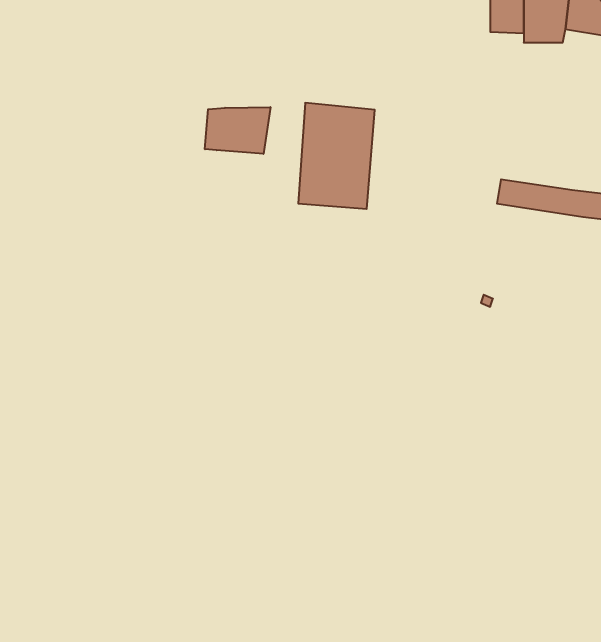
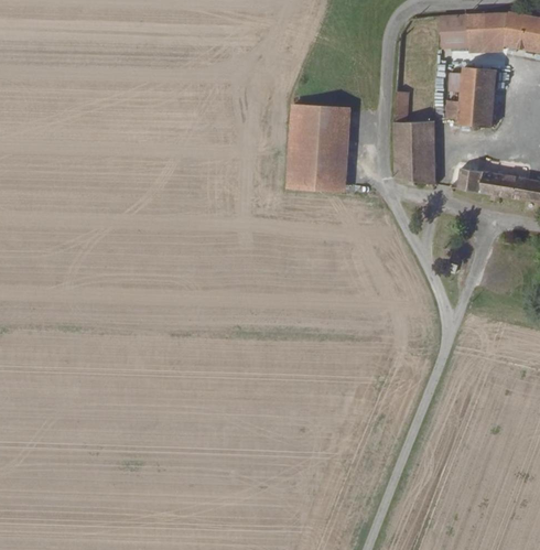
building: none -> [446,67,500,126]
building: none -> [395,93,434,184]
building: [205,107,270,154] -> none

